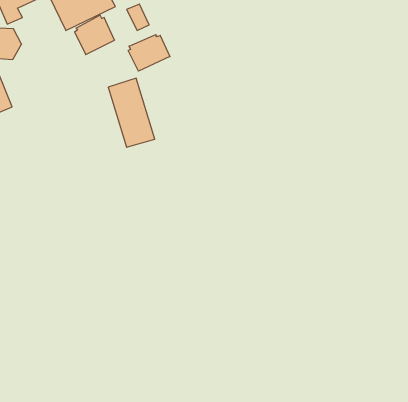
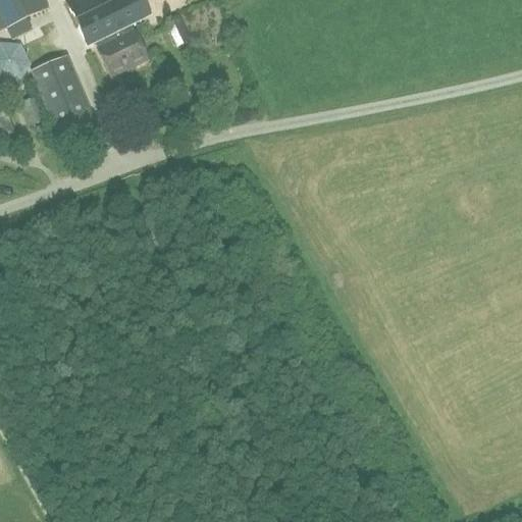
building: [128,35,170,71] -> none
building: [108,78,155,147] -> [35,56,94,144]

